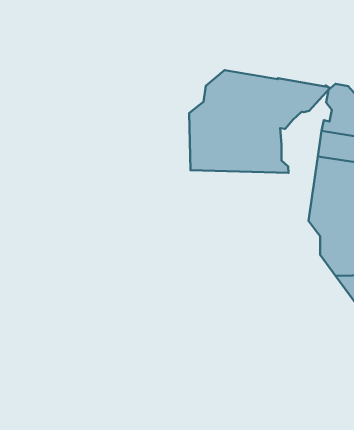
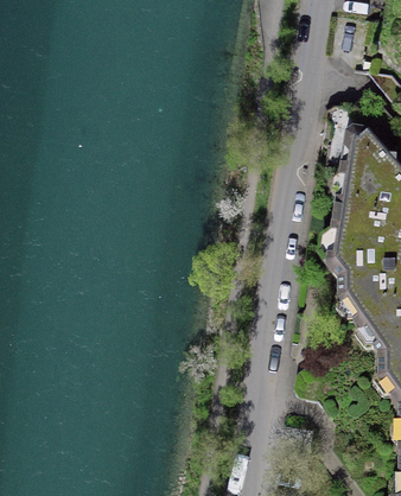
building: [189,70,330,173] -> none

